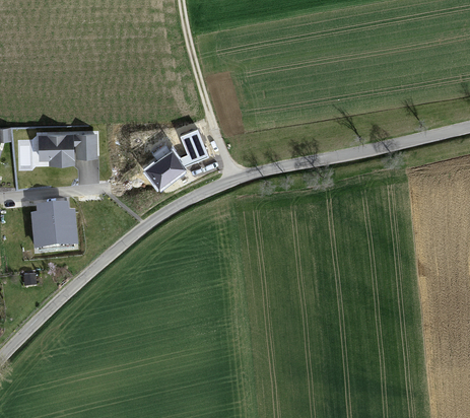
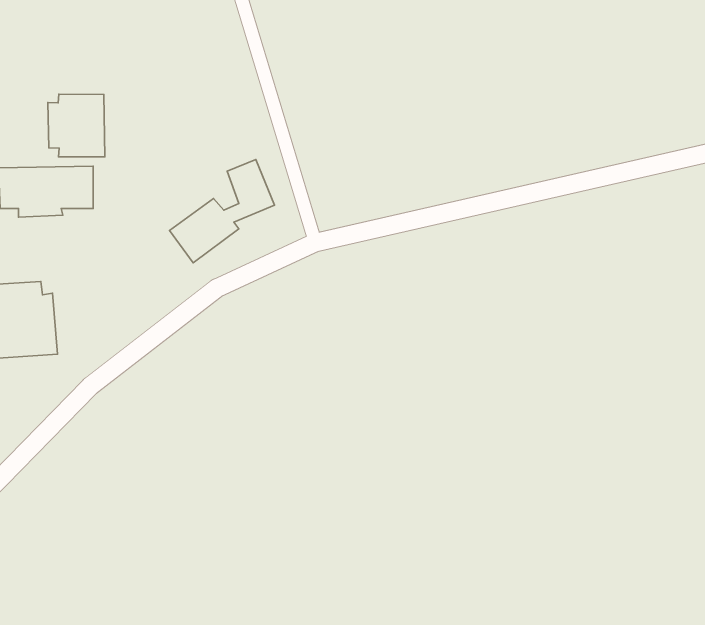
building: none -> [48,94,105,157]

